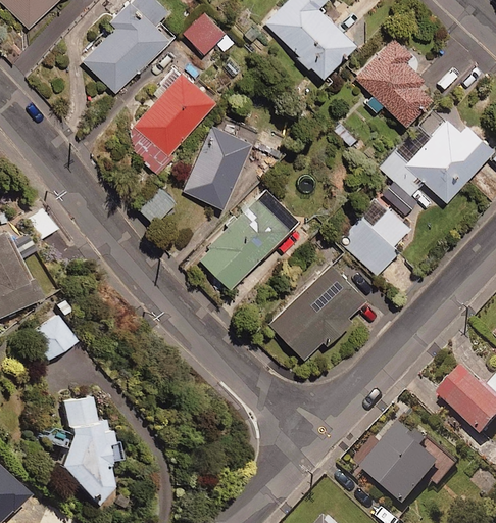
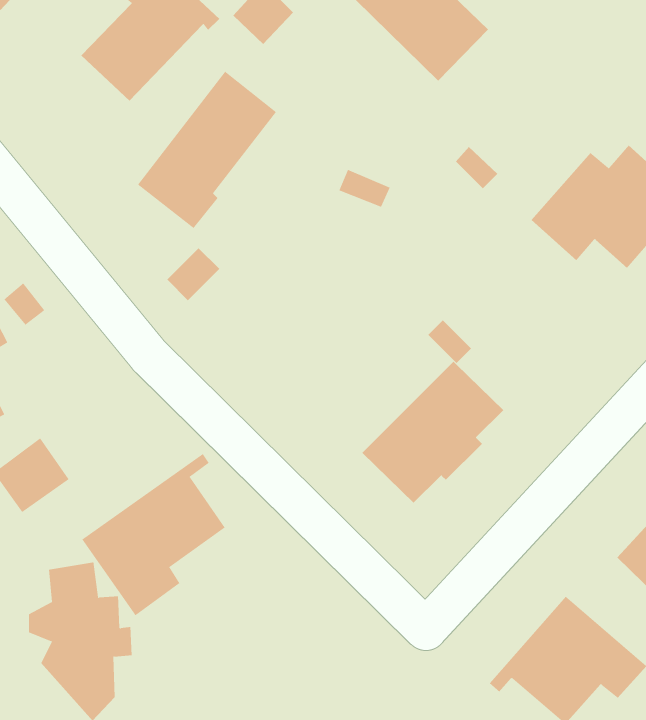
building: [355,37,432,125] -> none
building: [185,118,256,208] -> none
building: [199,187,300,288] -> none
building: [341,206,411,276] -> none
building: none -> [82,453,225,616]

